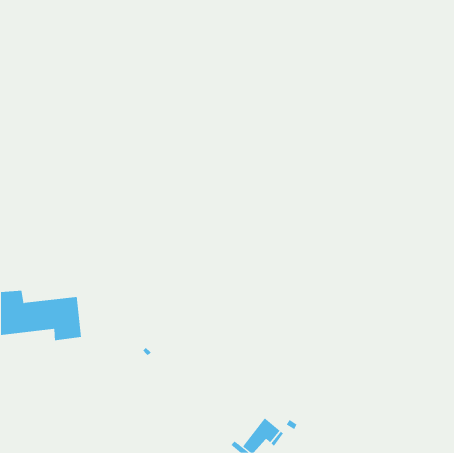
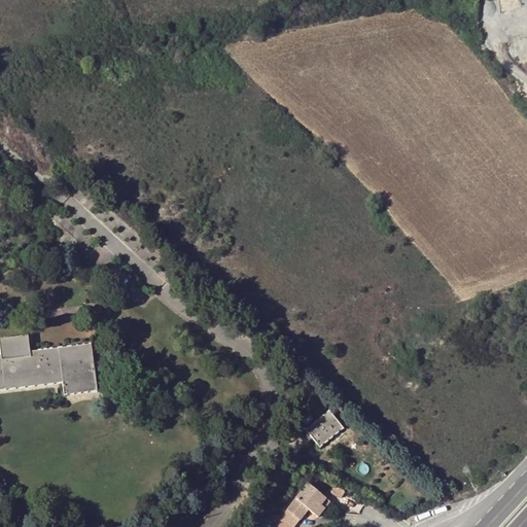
building: none -> [307,410,343,446]

